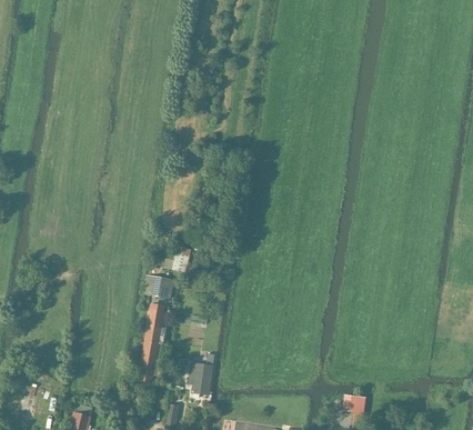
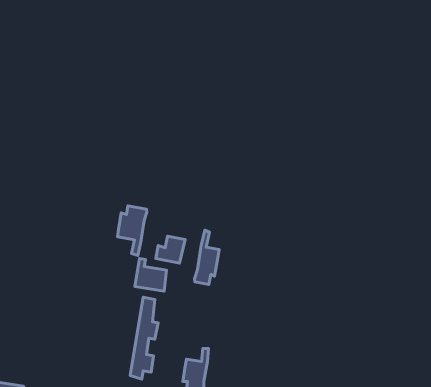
building: none -> [117,206,147,256]
building: none -> [195,230,219,284]

